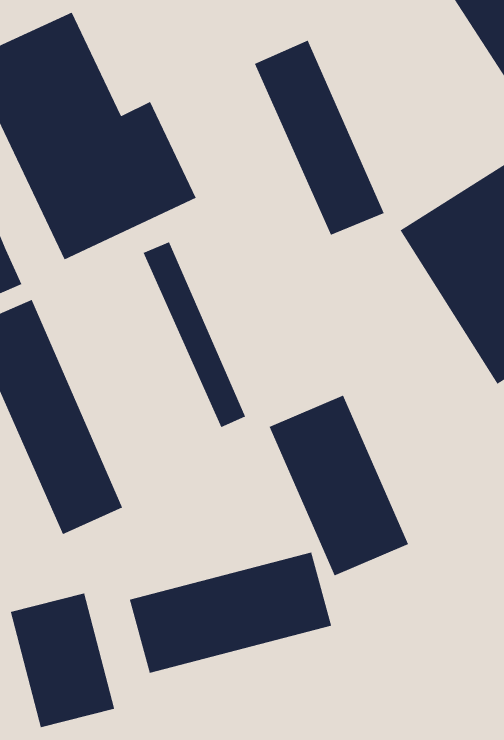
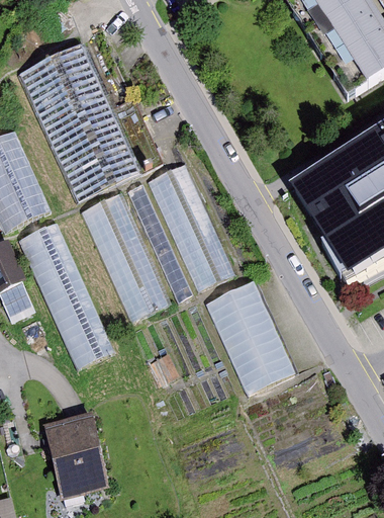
building: [254,40,385,236] -> [150,166,232,290]
building: none -> [82,195,168,323]
building: [129,552,332,674] -> none

